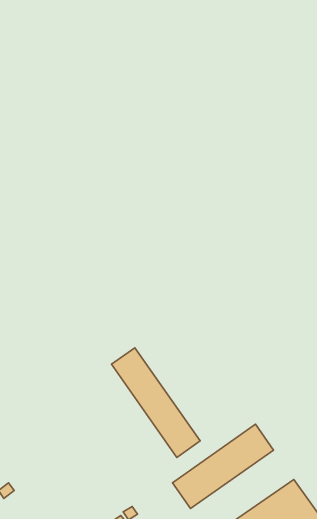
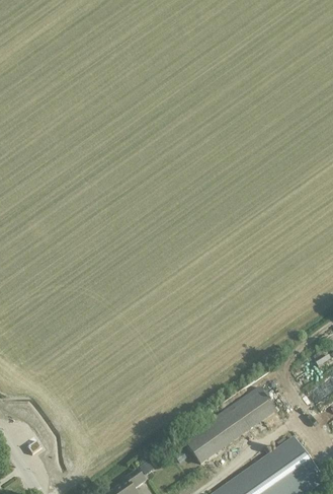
building: [112,348,200,457] -> none

